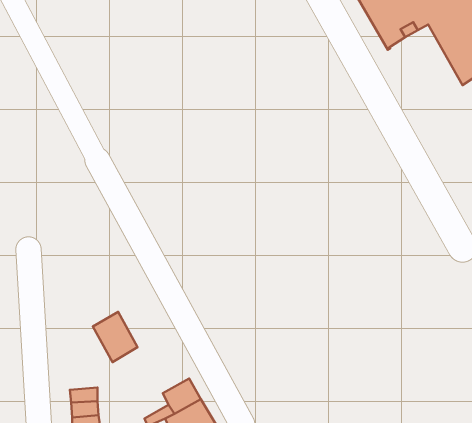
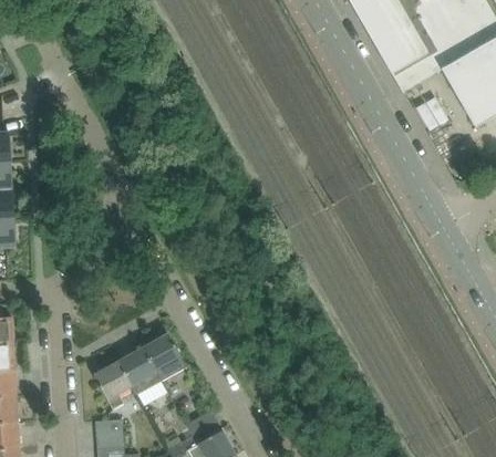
building: none -> [143,333,186,381]
building: none -> [93,361,137,409]

